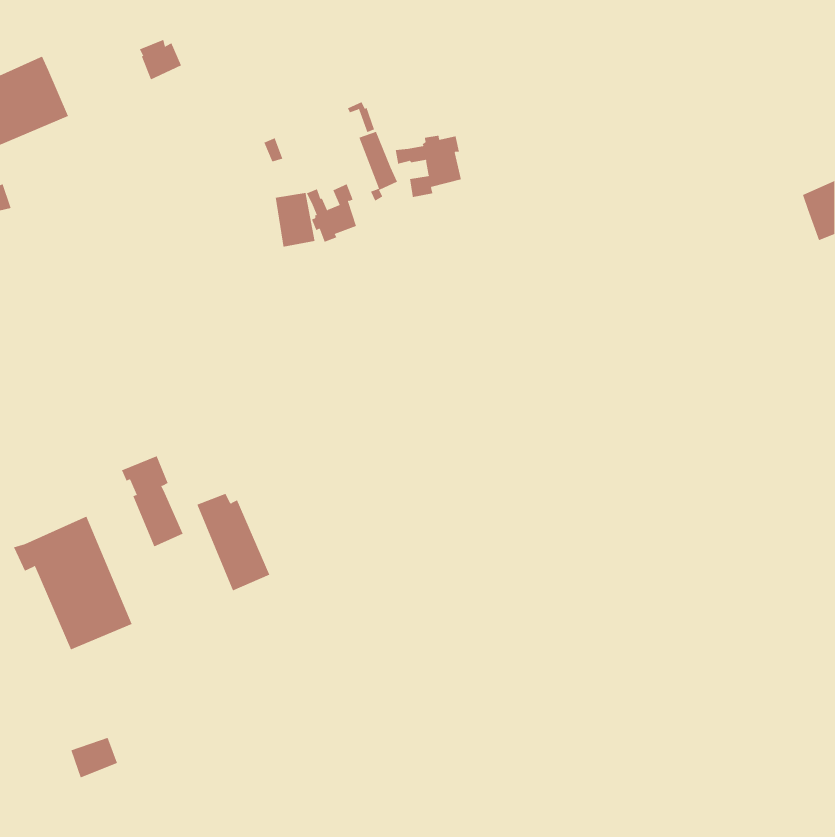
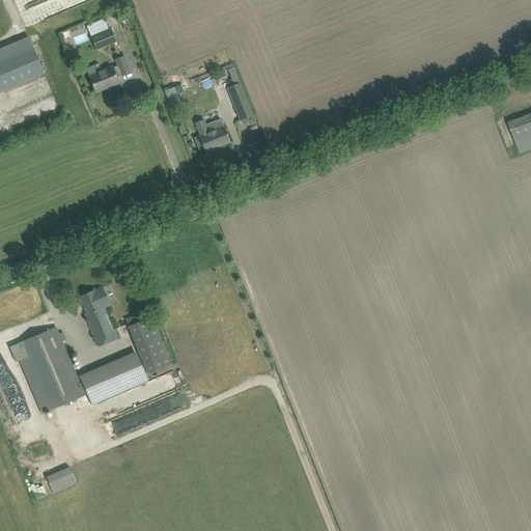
building: none -> [85,56,130,92]
building: [395,135,461,198] -> none
building: [275,192,315,248] -> none
building: none -> [80,357,146,406]

